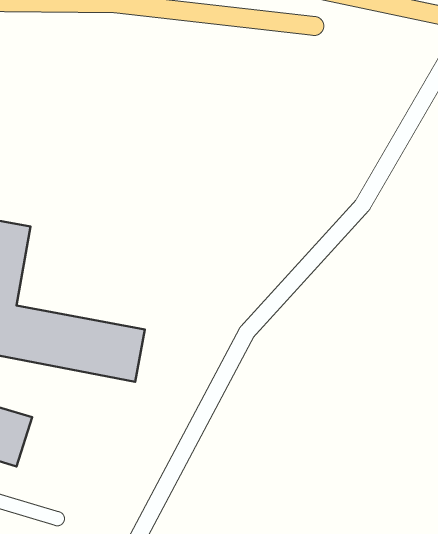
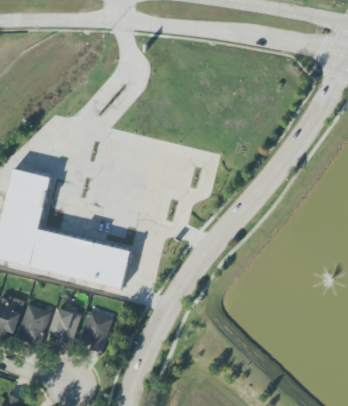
building: none -> [48,307,81,344]
building: none -> [81,311,113,353]

